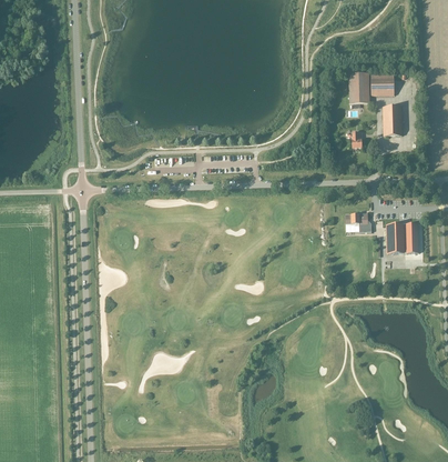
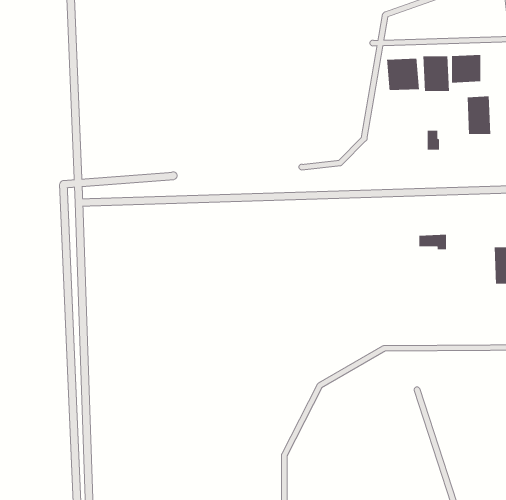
building: none -> [387,58,420,91]
building: [386,223,405,253] -> none

